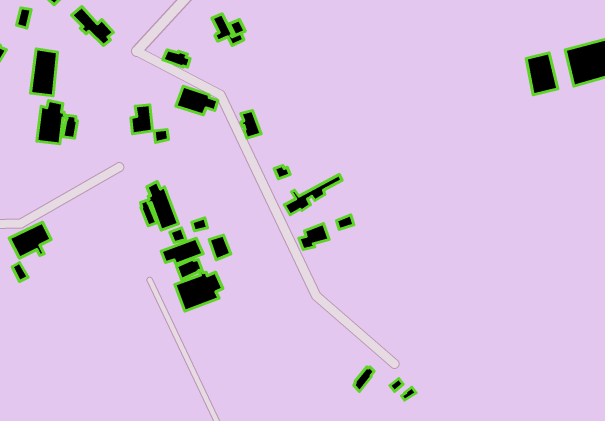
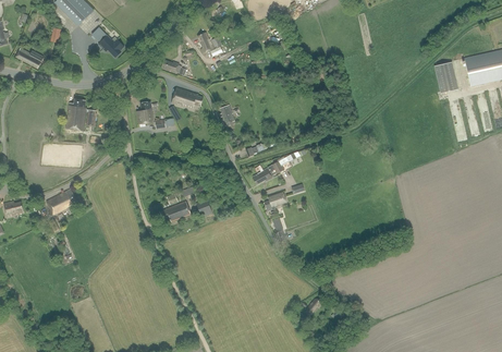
building: [30,49,57,96] -> none
building: [141,181,178,230] -> none
building: [175,259,223,311] -> none

